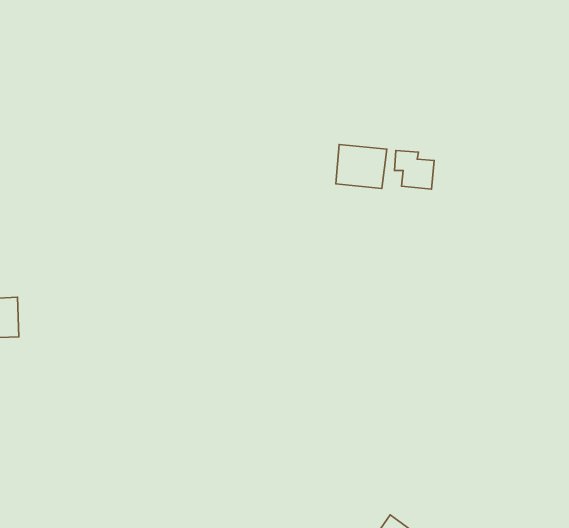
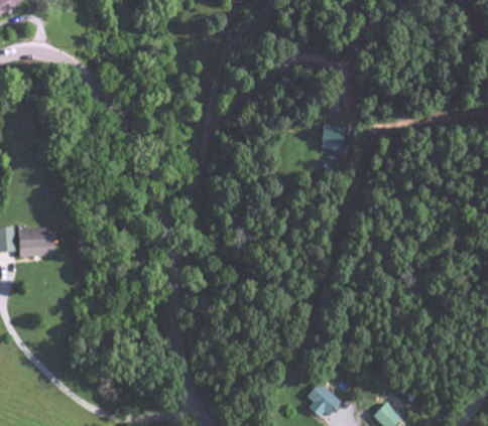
building: [336,145,387,188] -> none

